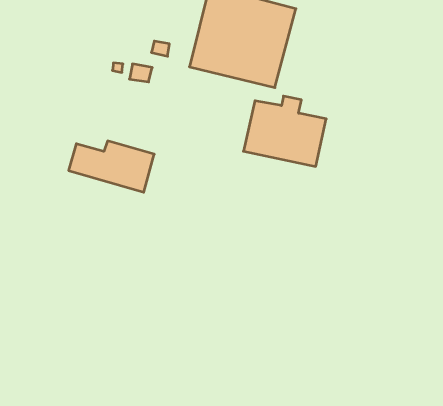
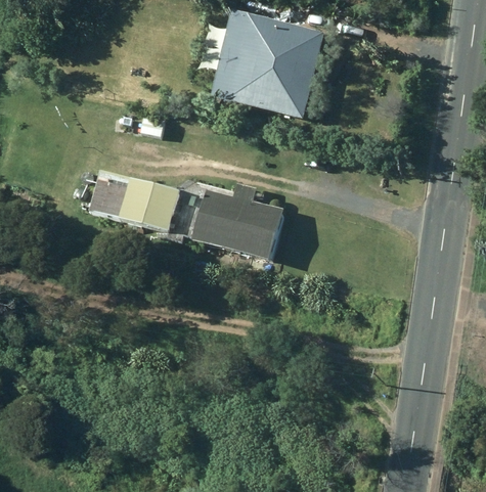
building: [243,96,326,166] -> [191,188,280,264]

